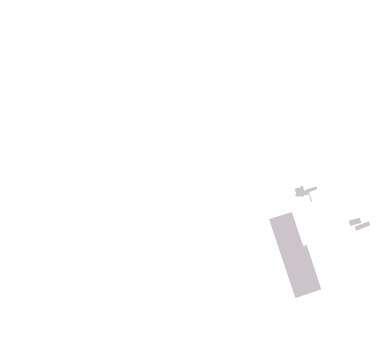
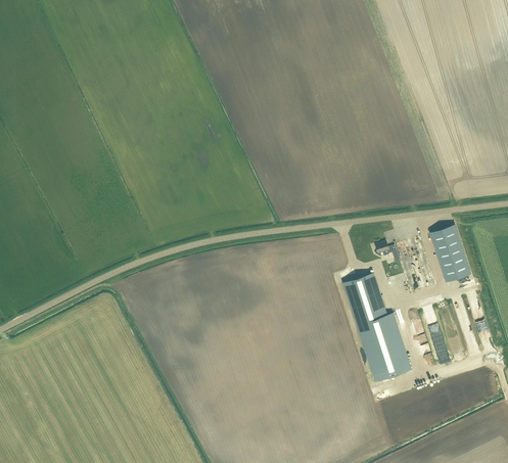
building: none -> [430,226,470,282]

